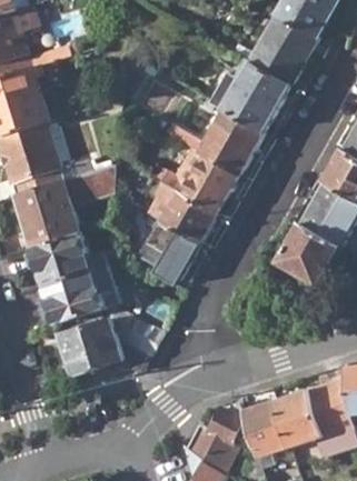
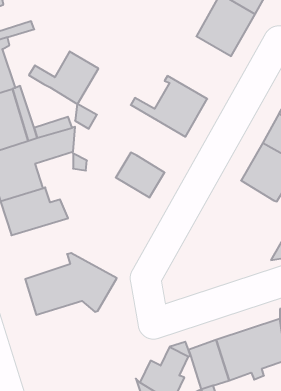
building: [209,59,289,132] -> none
building: [160,156,238,214] -> [29,51,98,104]
building: [132,217,198,280] -> none
building: [279,223,337,282] -> none
building: [43,265,112,321] -> none

